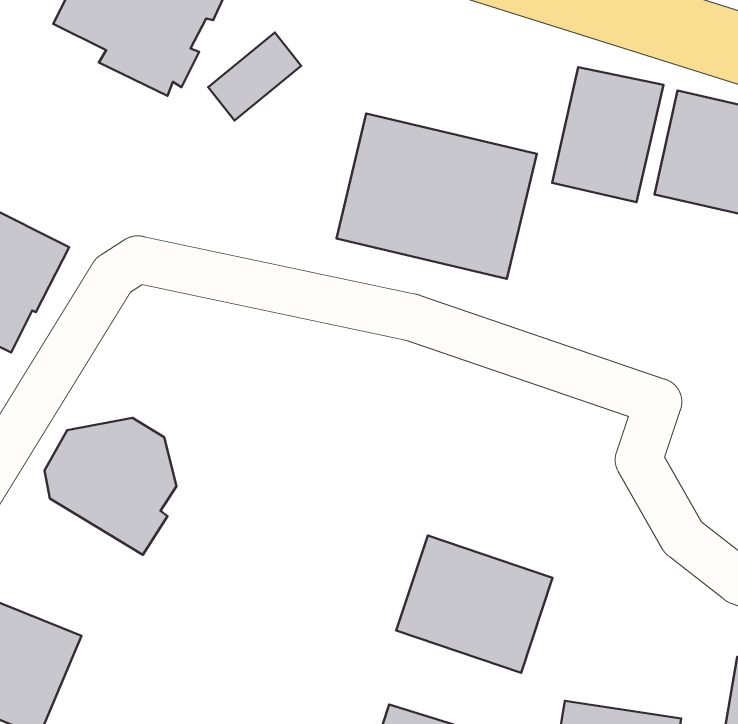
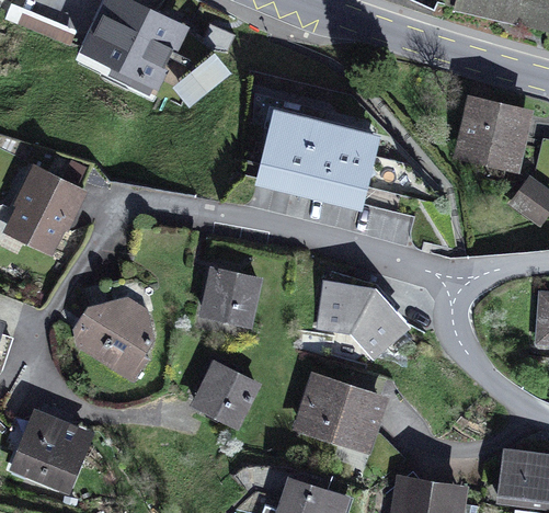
building: [552,67,663,202] -> none
building: none -> [198,266,262,328]
building: none -> [316,280,410,361]
building: none -> [190,360,261,431]

